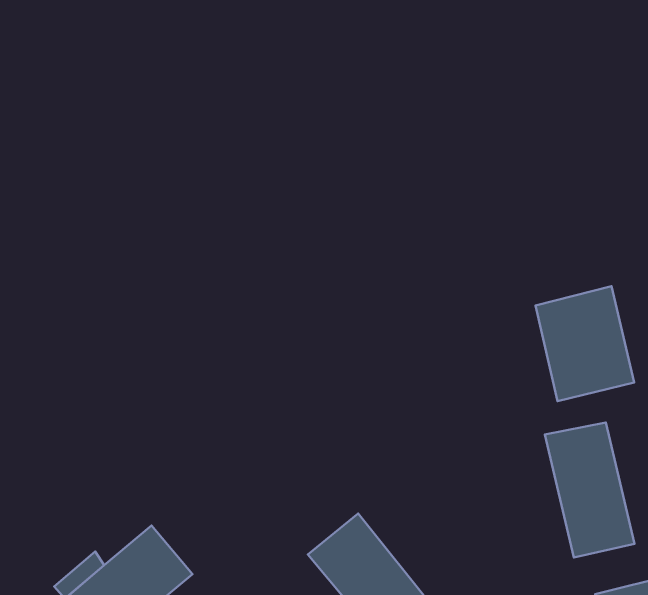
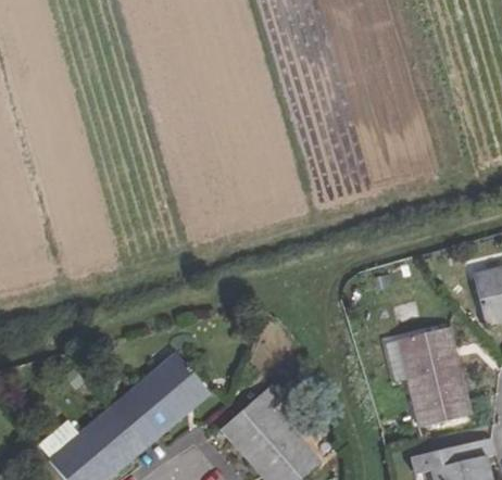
building: [536,286,634,401] -> none
building: none -> [116,355,209,440]

